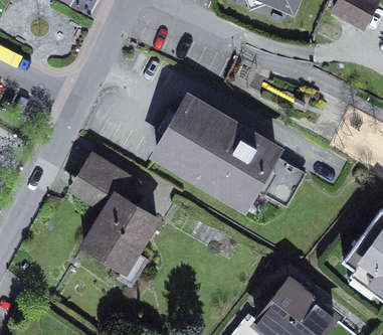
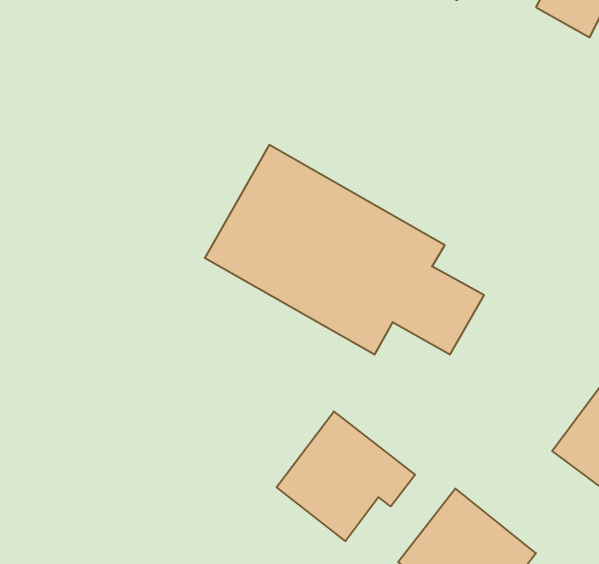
building: [76,156,156,272] -> none
building: none -> [277,411,415,541]

